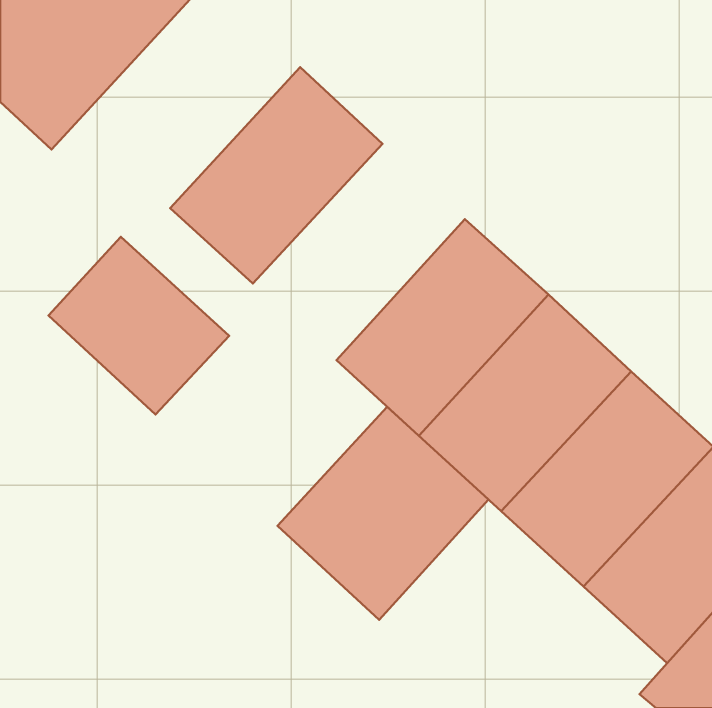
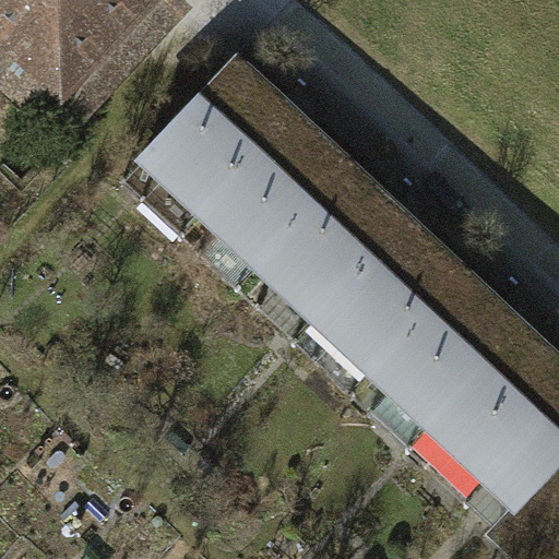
building: none -> [199,112,365,282]
building: [48,237,229,415] -> none
building: [278,407,488,620] -> none

